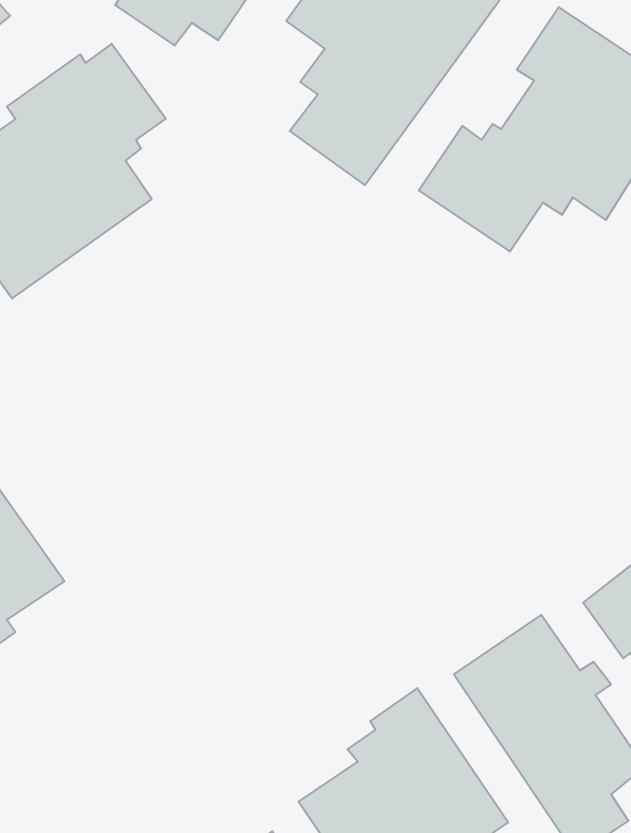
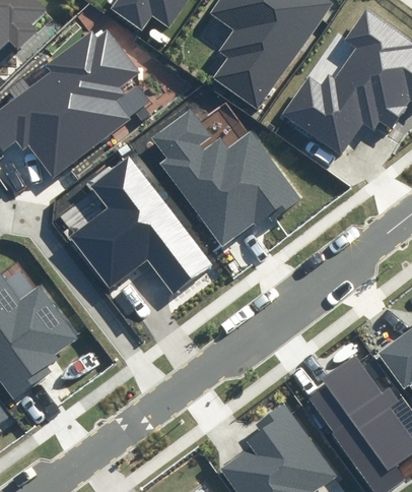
building: none -> [152,108,296,249]
building: none -> [71,156,212,295]

